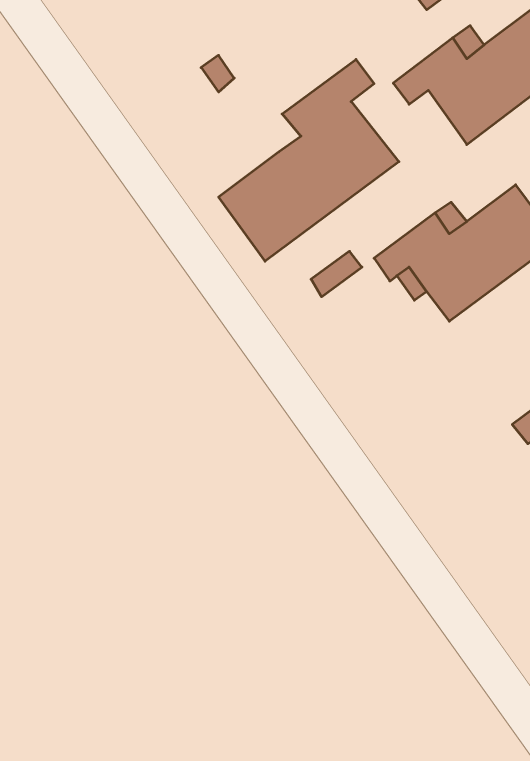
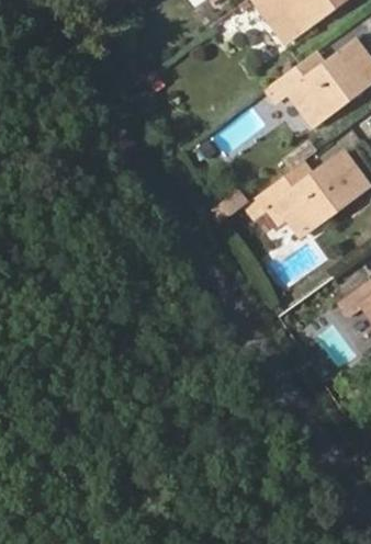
building: [219,59,399,261] -> none

